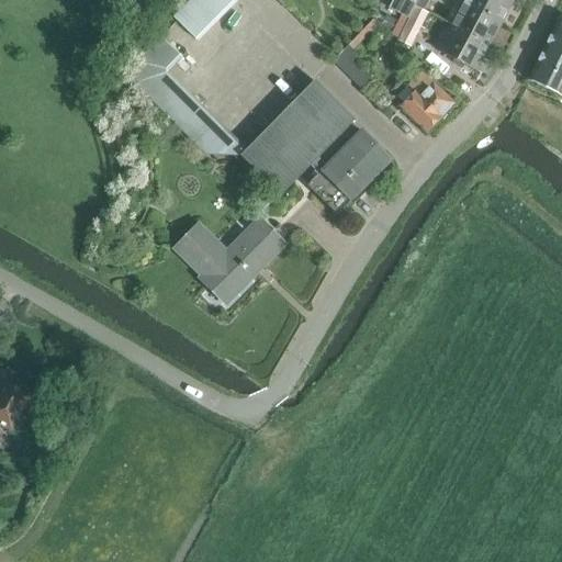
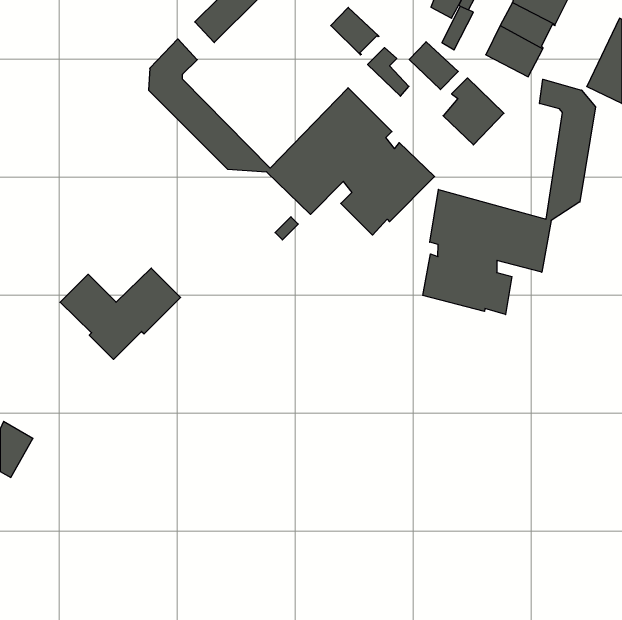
building: none -> [331,7,379,55]
building: none -> [409,42,458,90]
building: none -> [423,79,595,315]
building: [175,217,283,300] -> [60,268,181,359]

